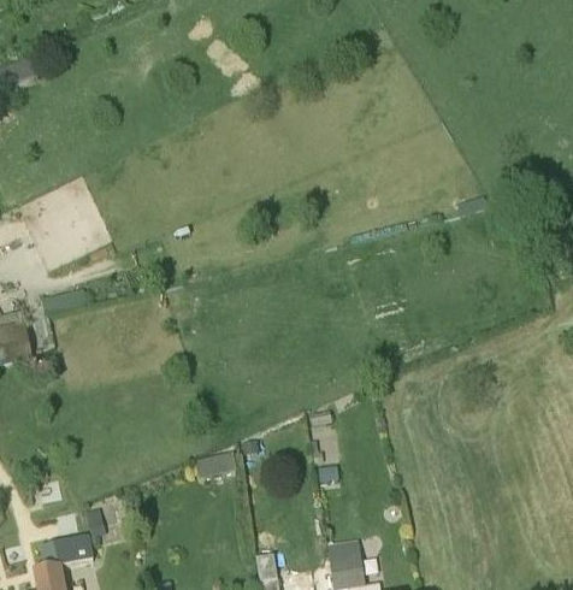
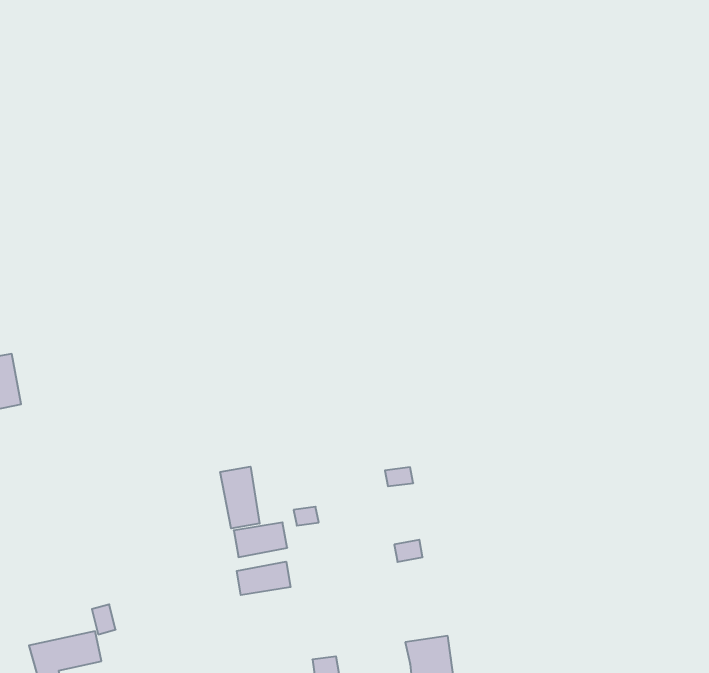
building: none -> [220,467,260,528]
building: none -> [237,562,291,595]

